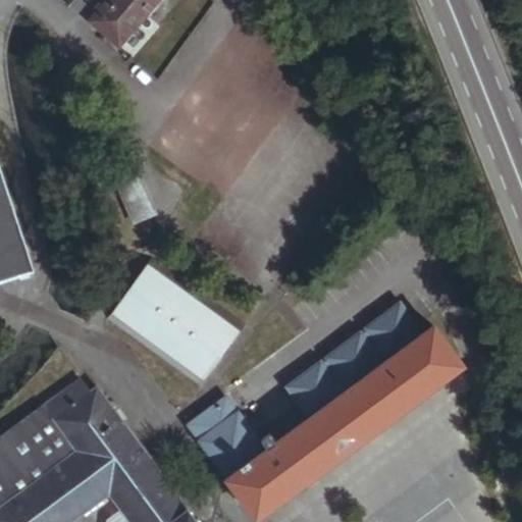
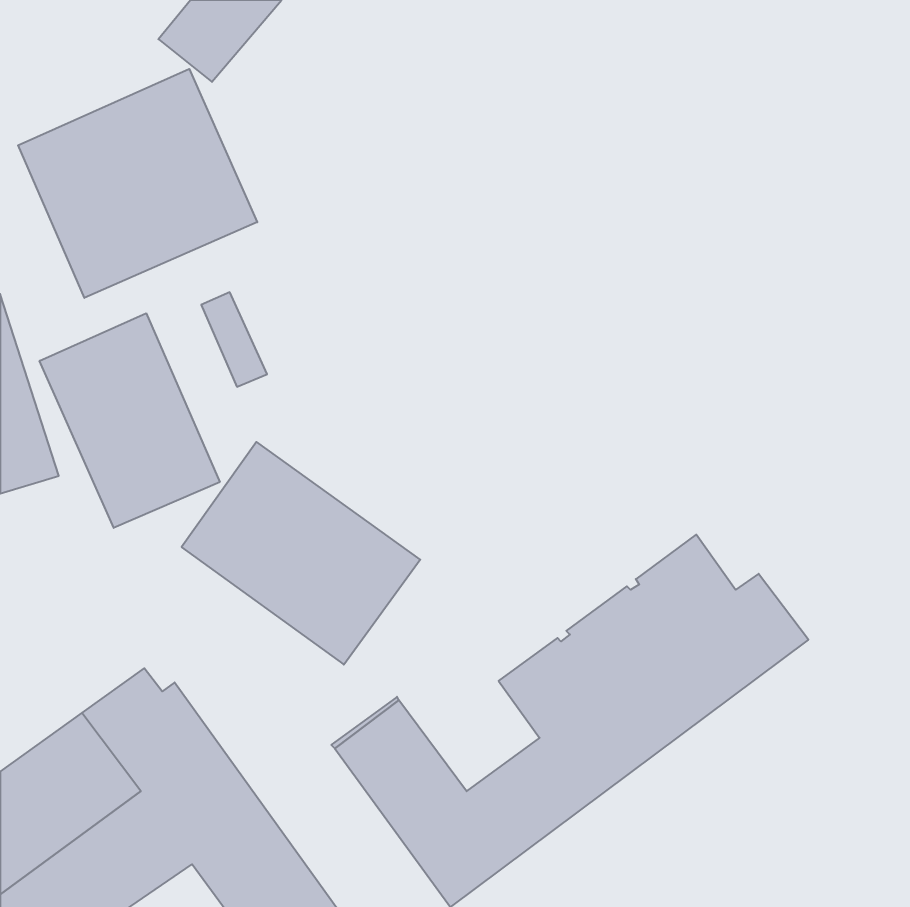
building: none -> [18,69,257,298]
building: none -> [40,313,220,528]

